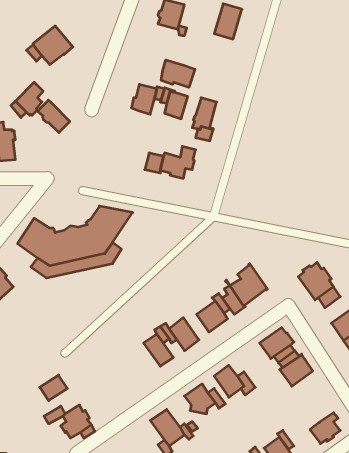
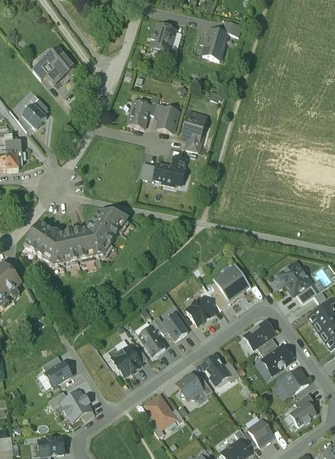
building: [161,60,195,87] -> none
building: [37,100,70,133] -> none
building: none -> [110,346,141,376]
building: none -> [280,368,308,395]

